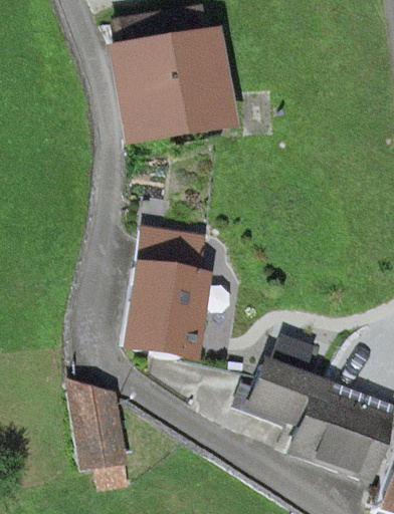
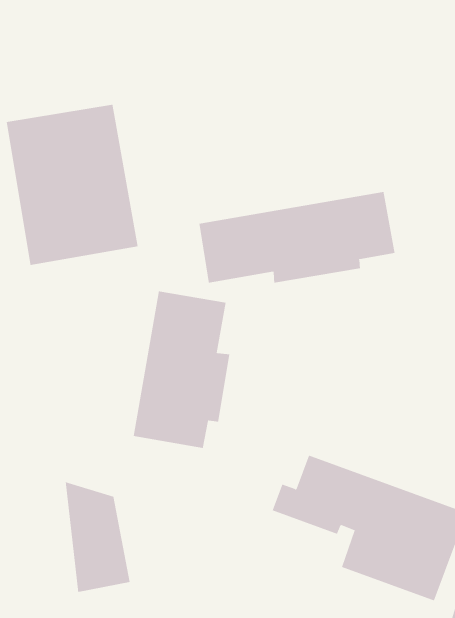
building: [117,12,222,141] -> [6,104,138,266]
building: none -> [199,191,395,284]

